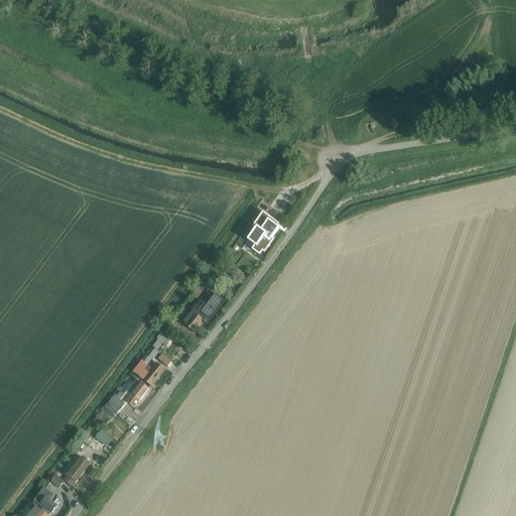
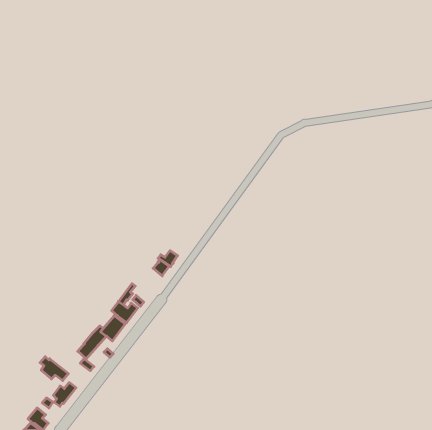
building: [249,207,280,253] -> none
building: none -> [40,357,68,381]

